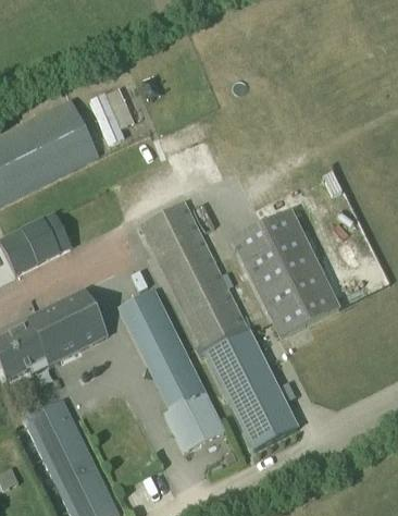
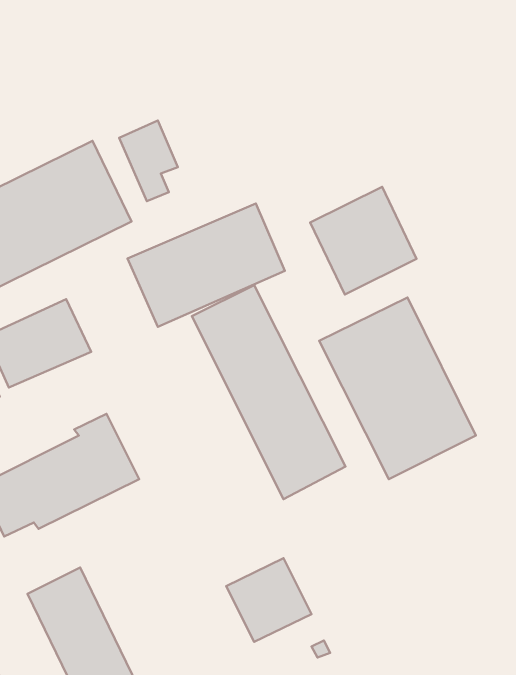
building: none -> [310,187,417,294]
building: none -> [128,203,285,327]
building: [120,290,201,396] -> none
building: [206,332,298,450] -> none

